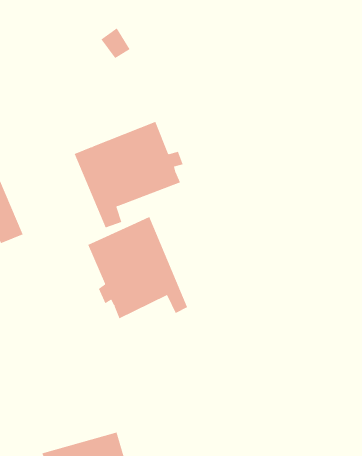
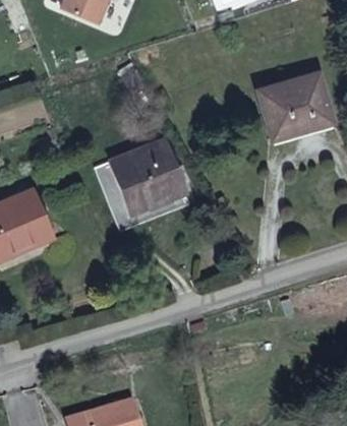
building: none -> [259,73,335,140]
building: [88,216,188,319] -> none

